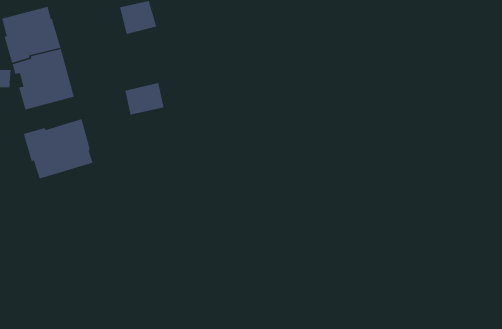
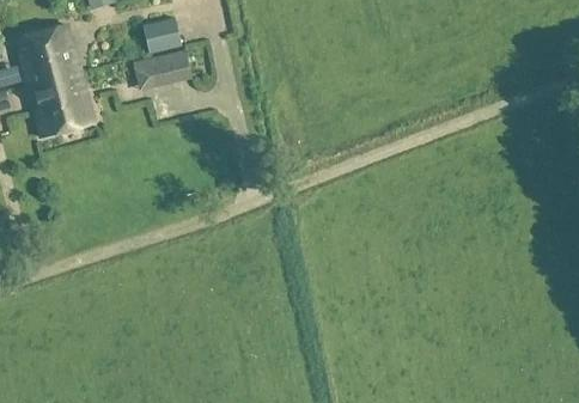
building: [124,82,164,116] -> [147,50,190,86]
building: [23,118,93,179] -> none

